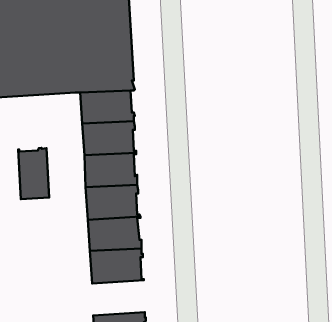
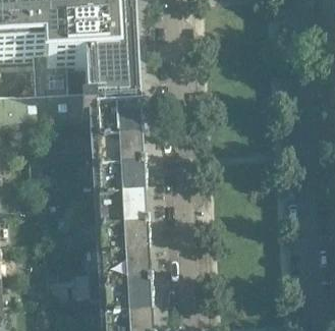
building: [18,148,49,199] -> none
building: none -> [104,287,153,320]

